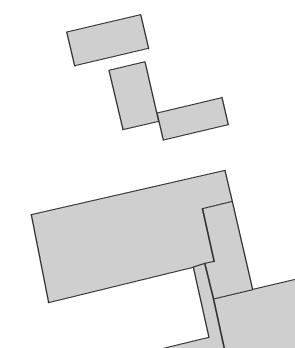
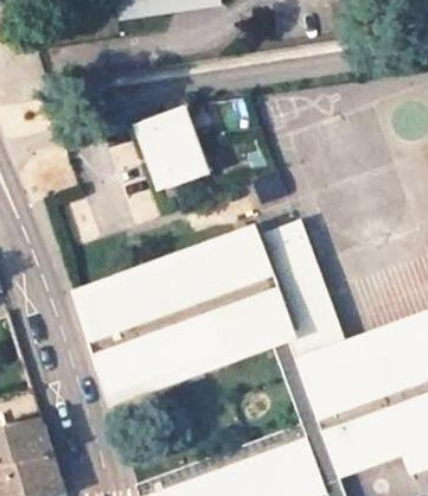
building: [67,15,148,66] -> none
building: [157,97,228,140] -> none

